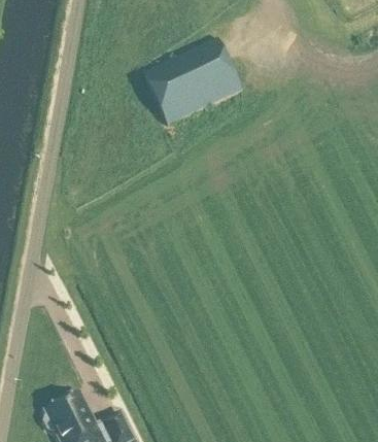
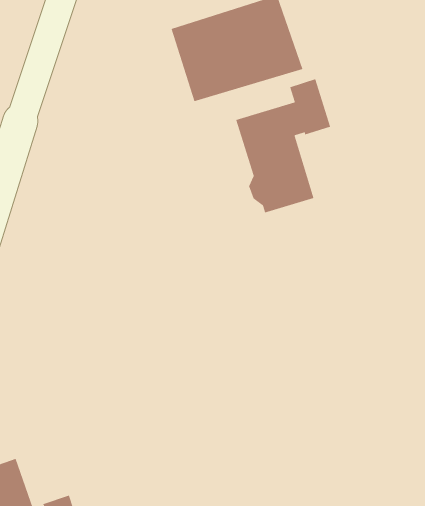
building: none -> [235,78,331,213]

